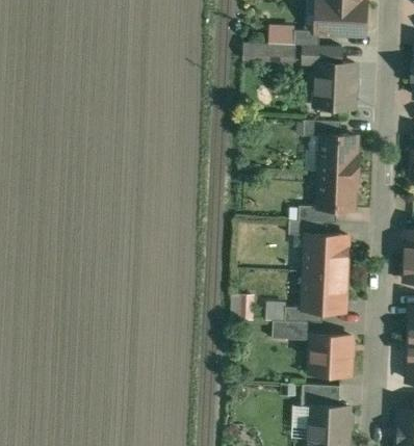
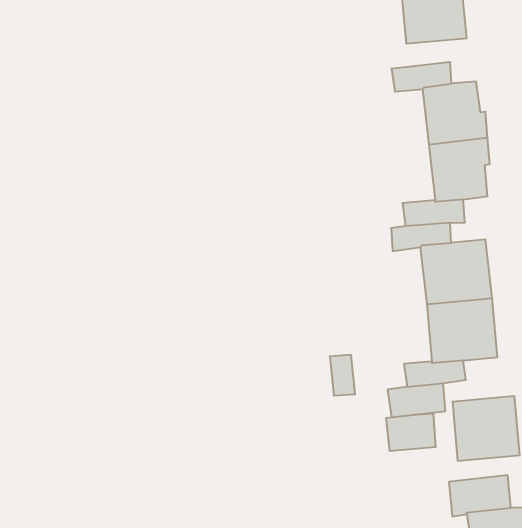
building: none -> [386,414,435,451]

